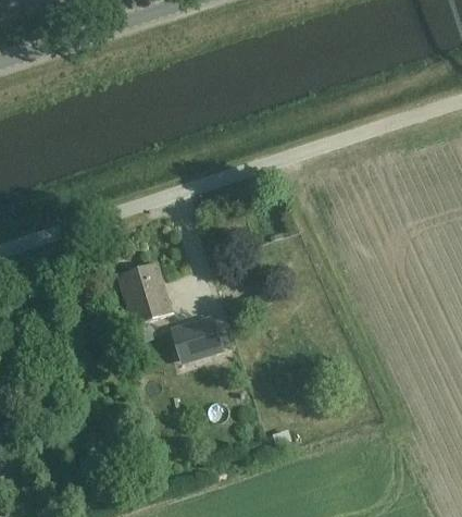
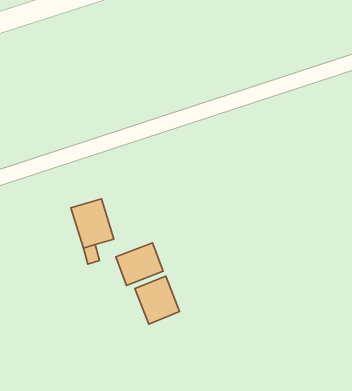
building: none -> [135,276,180,324]

